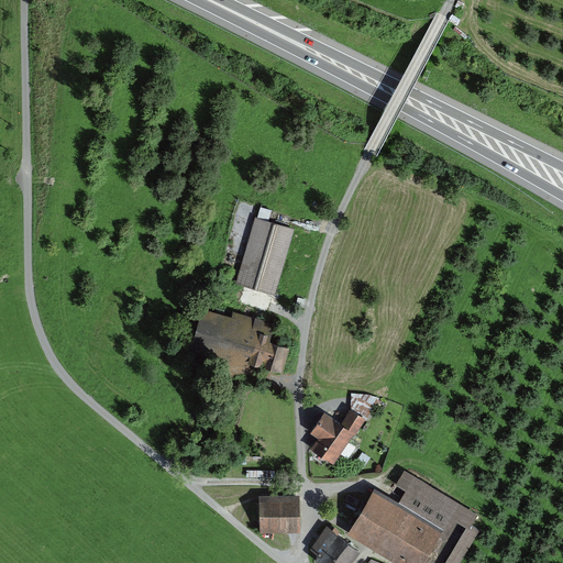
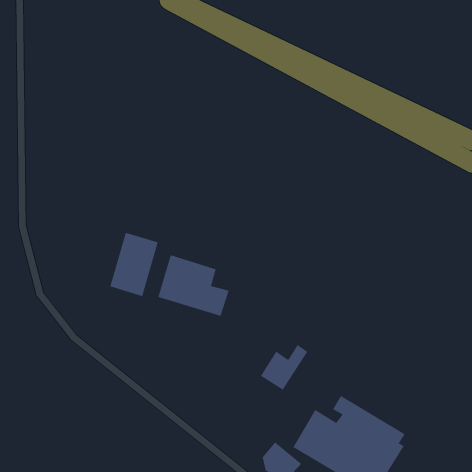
building: [234,219,292,296] -> [109,232,158,297]
building: [257,498,298,533] -> none

